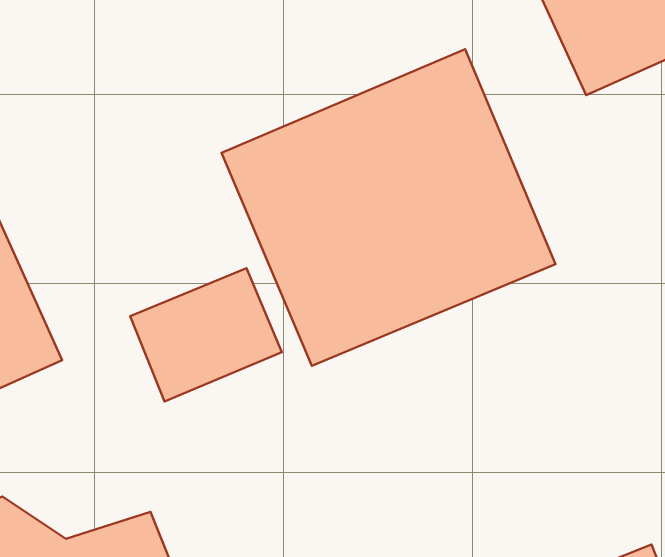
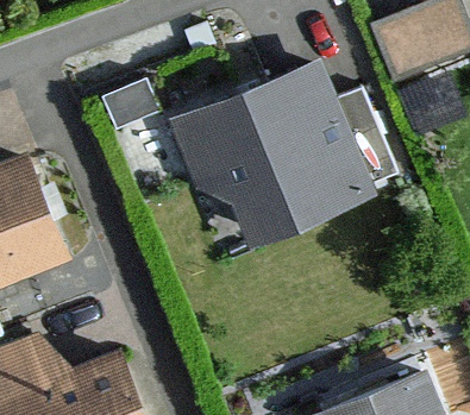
building: [130,268,282,402] -> none

